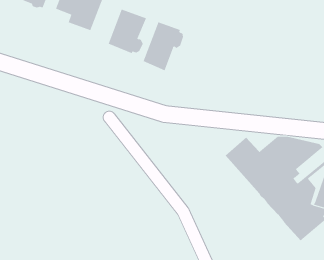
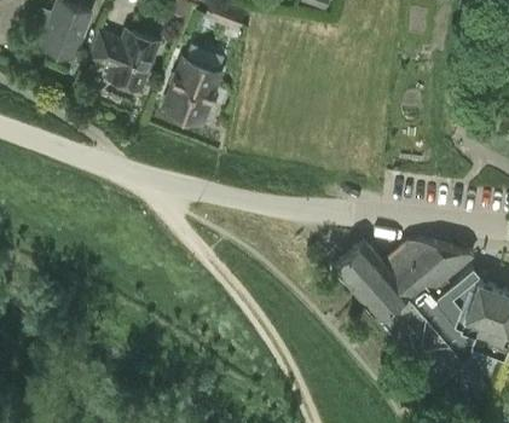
building: [143,22,184,71] -> none

